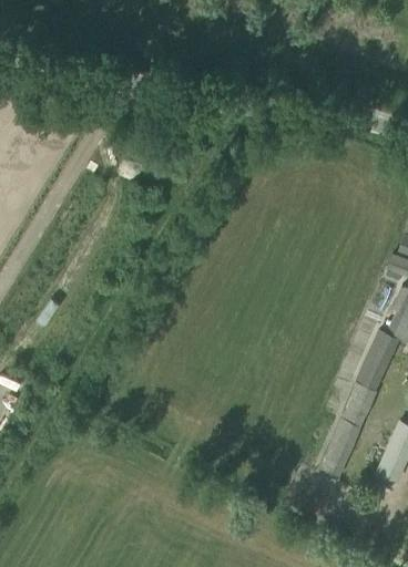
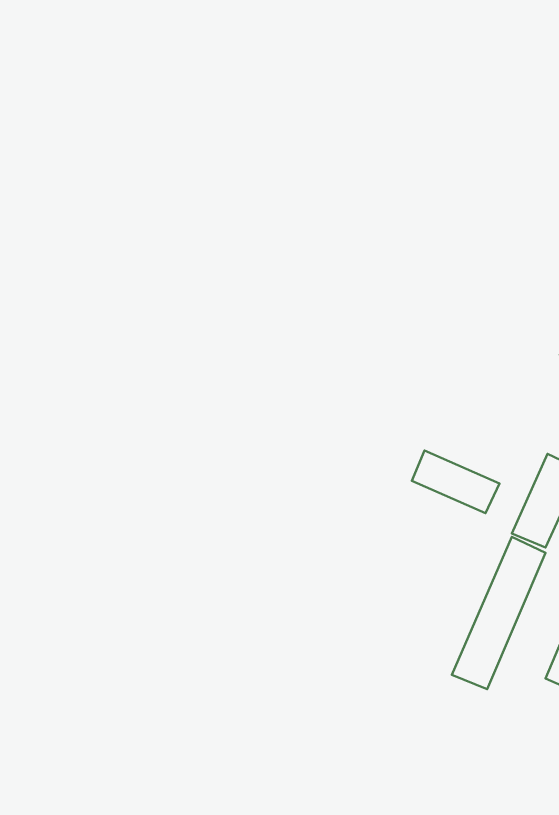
building: none -> [412,450,499,513]

